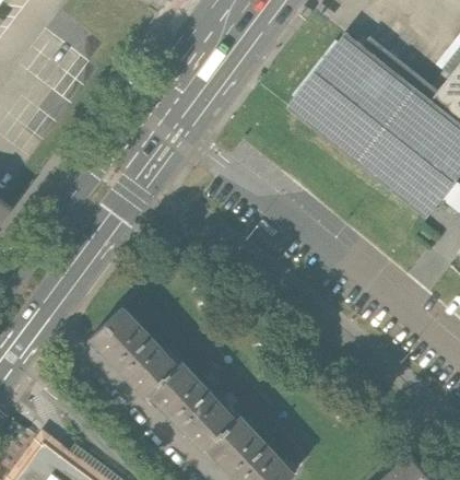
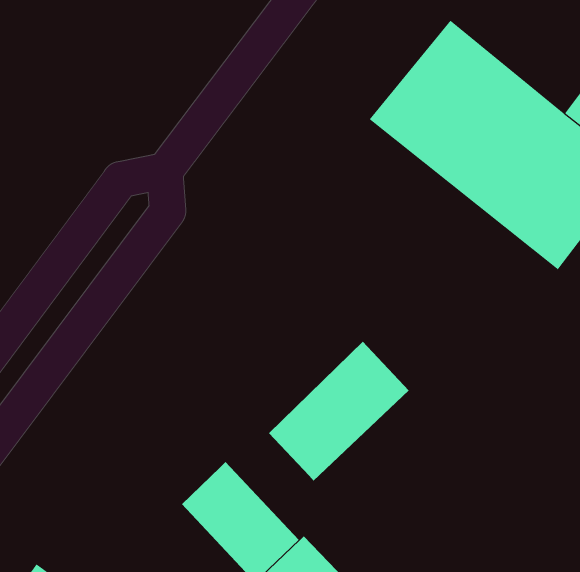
building: none -> [268,341,410,481]
building: [92,307,178,396] -> none

